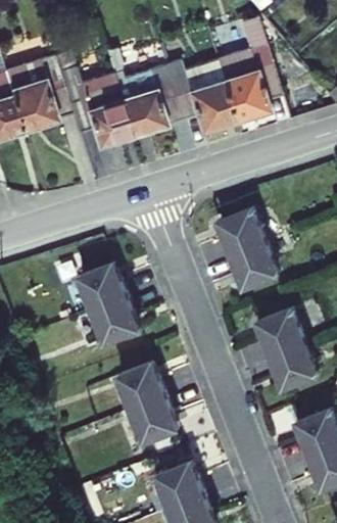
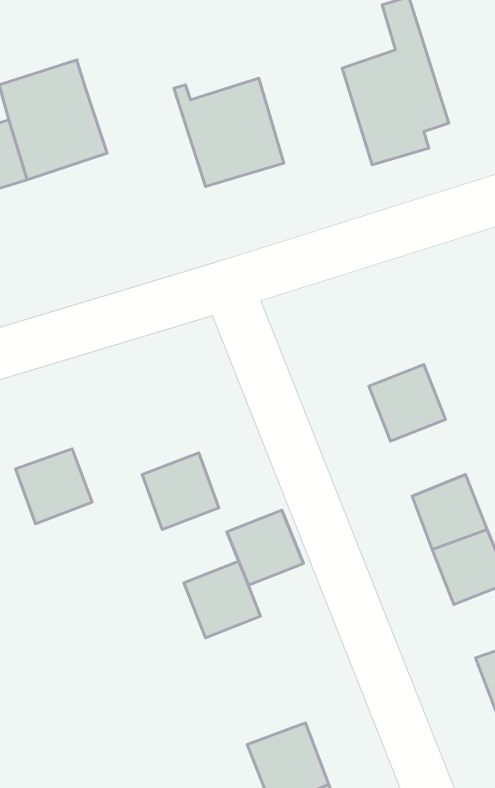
building: [163,60,233,130] -> none
building: [57,66,131,144] -> none
building: [219,209,264,255] -> none
building: [80,264,127,310] -> [15,449,92,524]
building: [131,396,178,442] -> [227,510,303,585]

